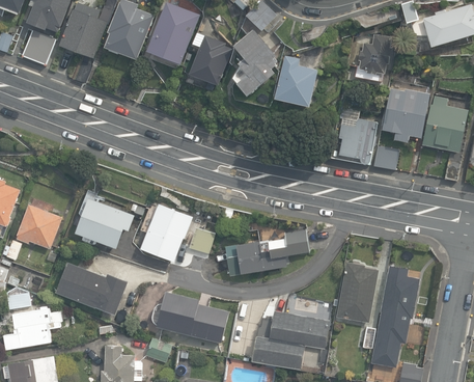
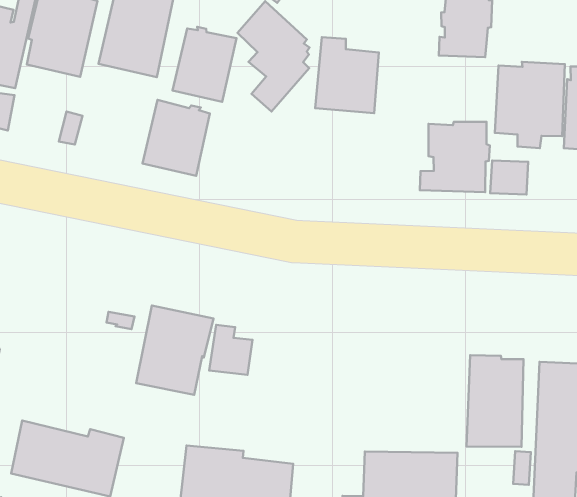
building: none -> [143,100,210,176]
building: [75,198,134,249] -> none
building: [225,229,309,277] -> none

